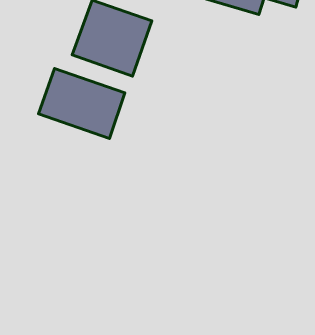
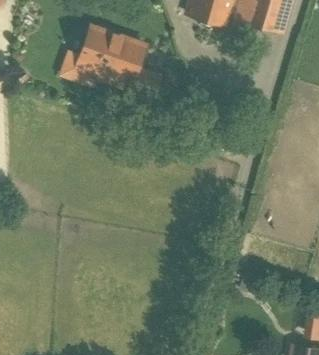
building: [38,69,125,139] -> none

